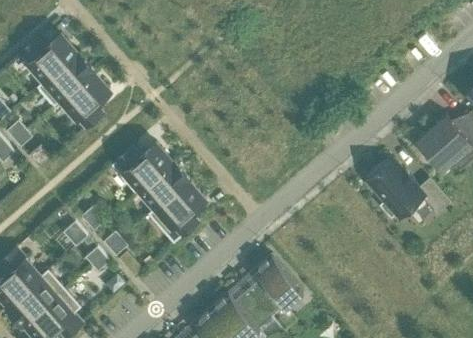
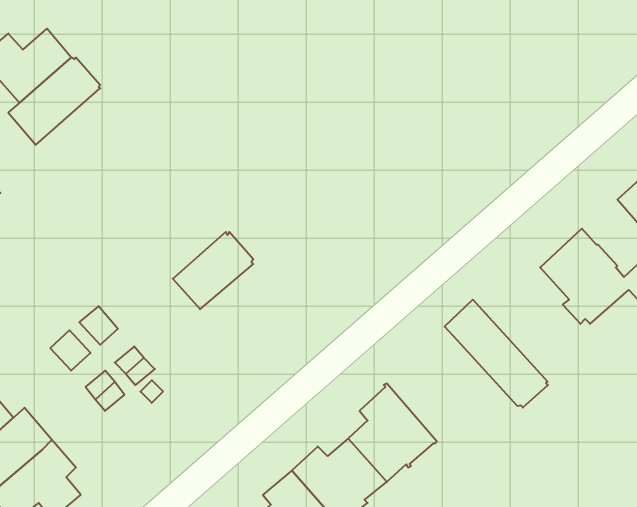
building: [61,73,110,130] -> none
building: [114,144,172,191] -> none
building: [149,182,205,245] -> none
building: none -> [445,300,548,408]

